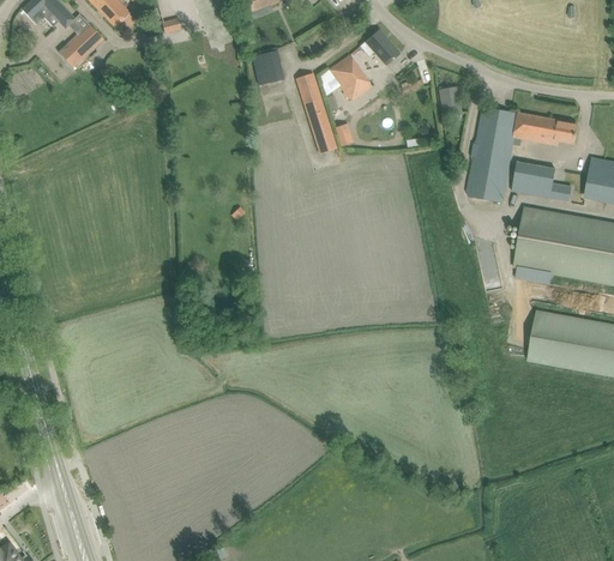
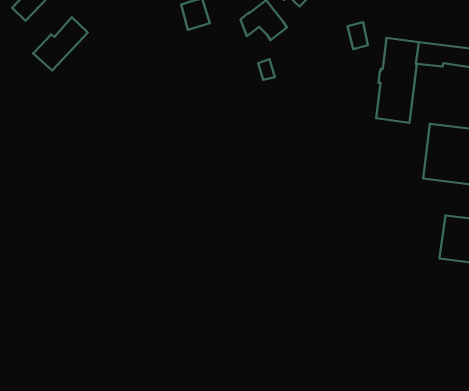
building: none -> [33,17,88,71]
building: [296,72,337,152] -> none
building: [512,161,555,197] -> none

